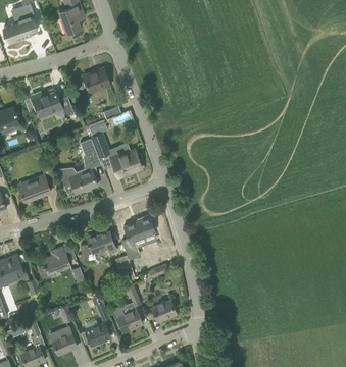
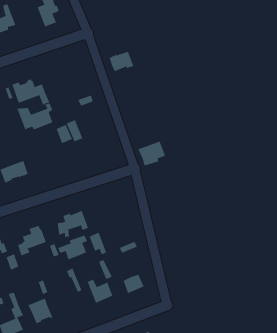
building: [83,68,110,91] -> [109,51,134,72]
building: [110,149,141,176] -> [138,141,166,166]
building: [57,163,97,193] -> [16,103,53,130]
building: [123,212,156,240] -> [58,235,88,260]
building: [81,322,110,345] -> none

